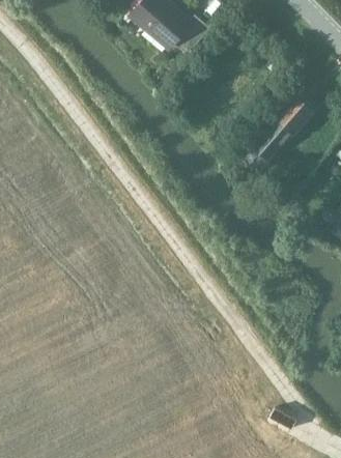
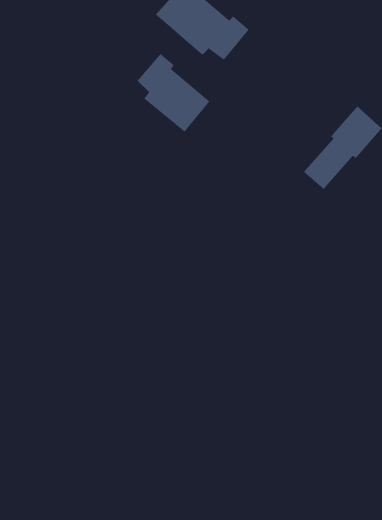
building: none -> [137,53,210,133]

